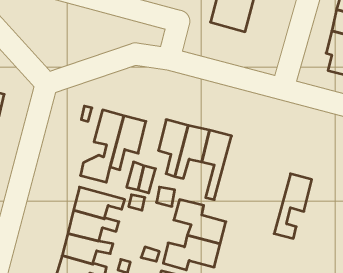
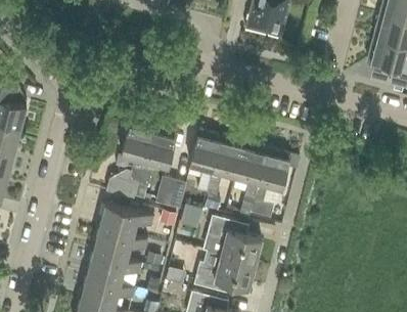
building: [274,174,312,238] -> [250,148,289,217]

